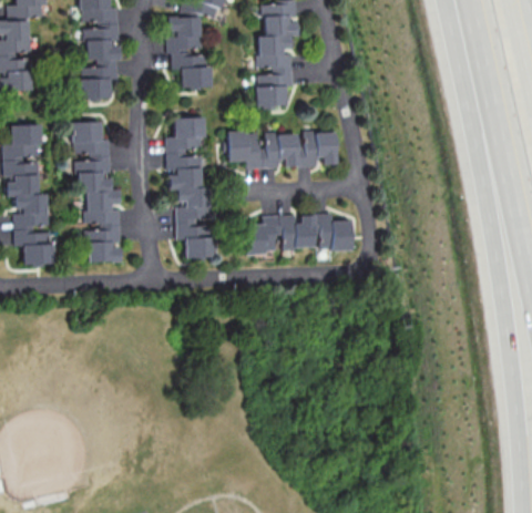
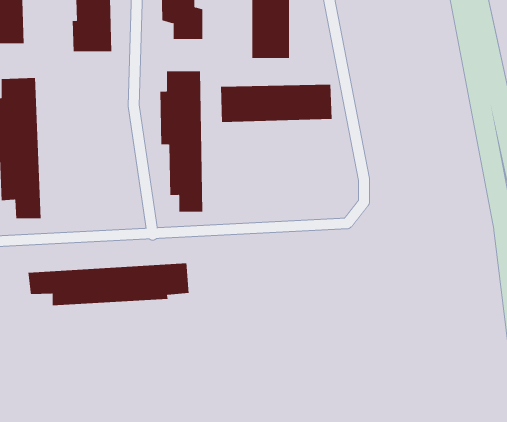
building: [72,121,120,261] -> none
building: [247,215,355,250] -> none
building: none -> [28,262,189,306]

